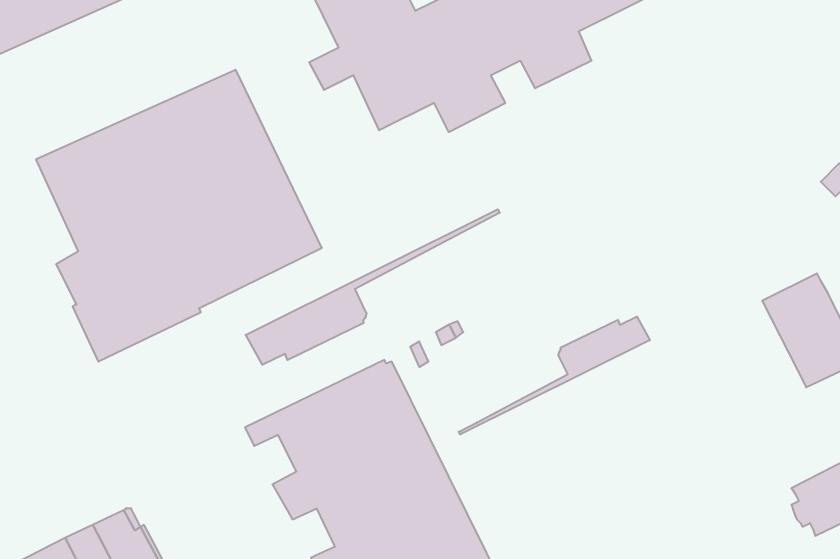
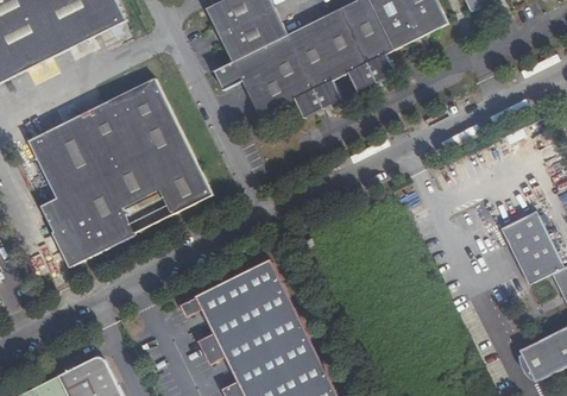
building: [246,209,500,365] -> none
building: [459,317,650,435] -> none

